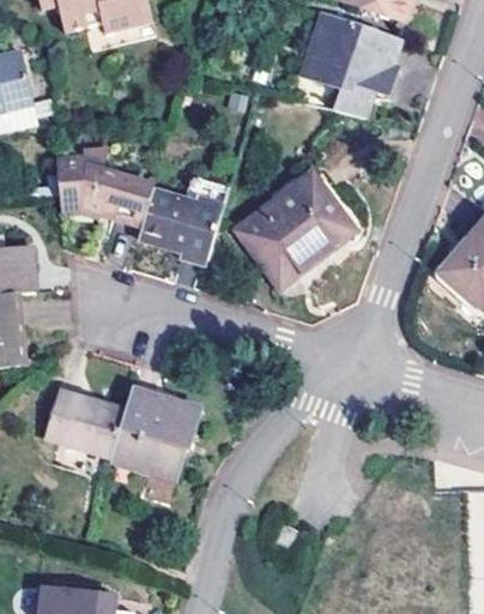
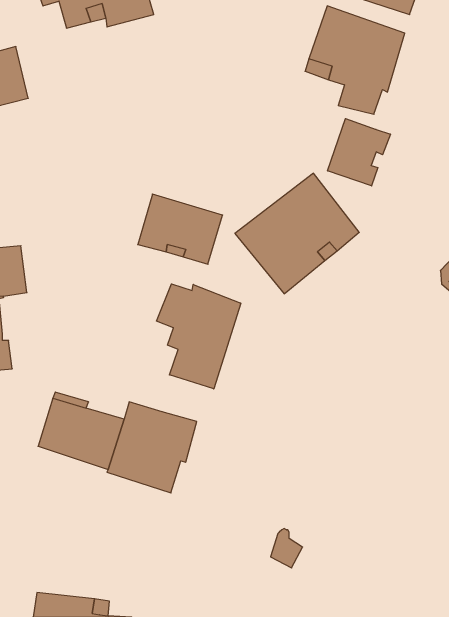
building: none -> [328,119,390,186]
building: [58,161,155,225] -> none
building: none -> [157,284,241,389]

